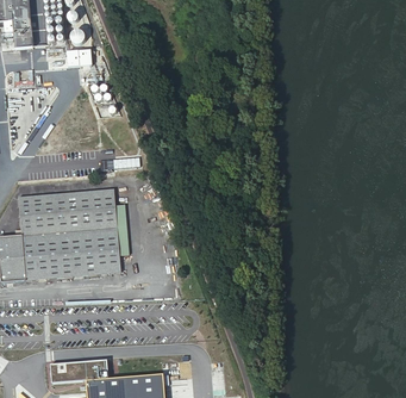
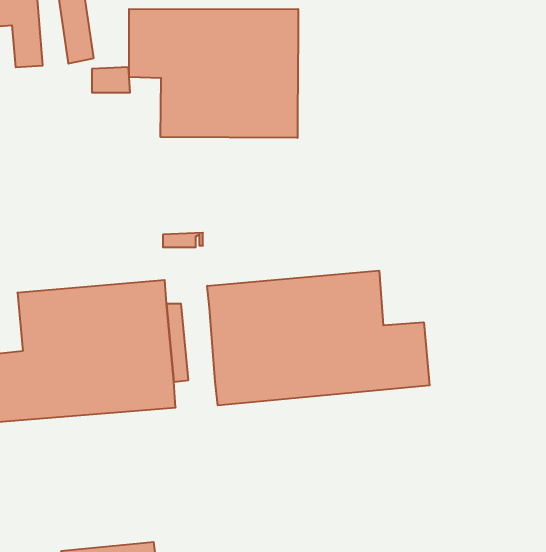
building: none -> [129,9,298,138]
building: none -> [207,271,430,405]

